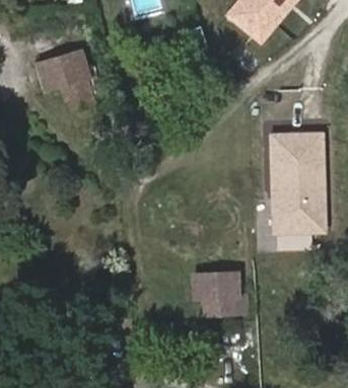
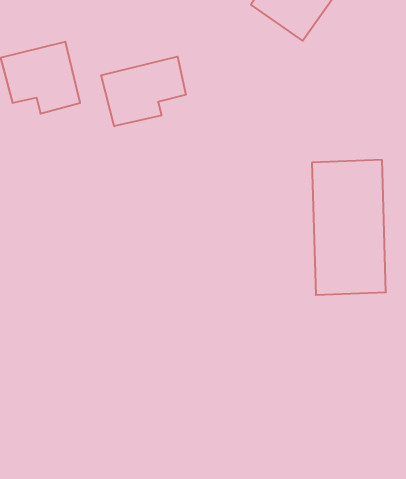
building: none -> [101,57,186,126]
building: [189,268,252,315] -> none

